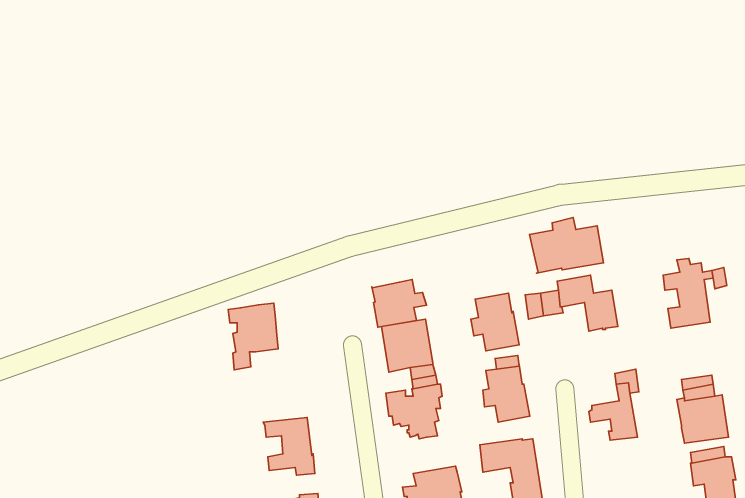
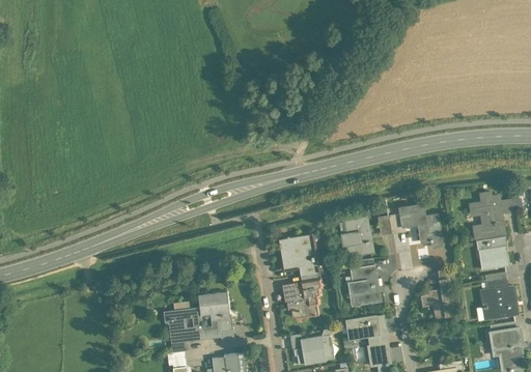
building: [530,217,603,273] -> none
building: [372,280,427,327] -> none
building: [228,303,278,370] -> [168,307,202,352]
building: none -> [476,236,507,269]

